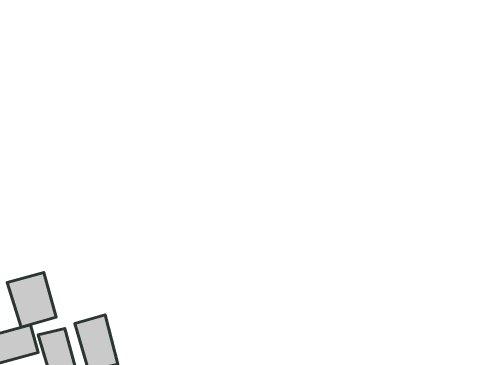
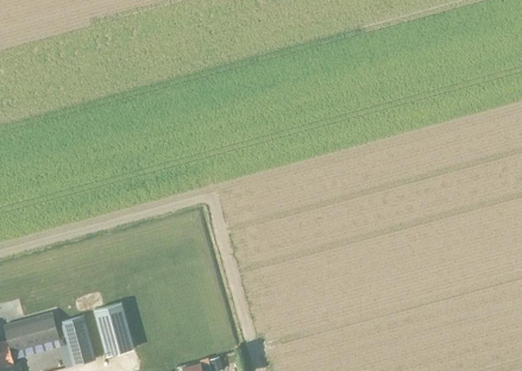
building: [7,272,56,327] -> none

